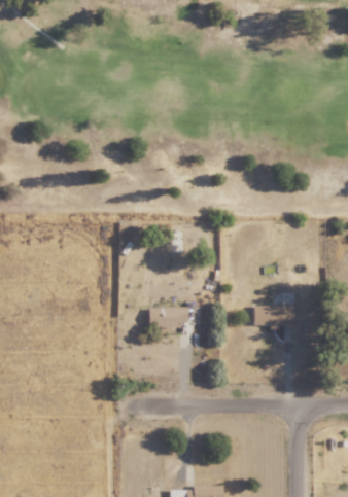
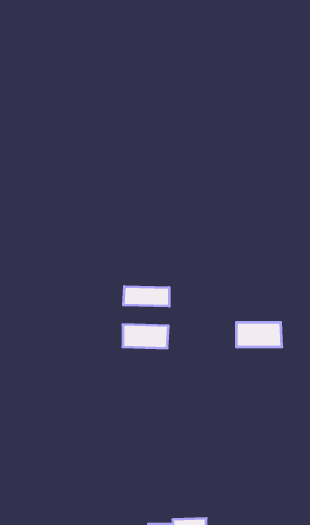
building: none -> [123,286,169,306]

